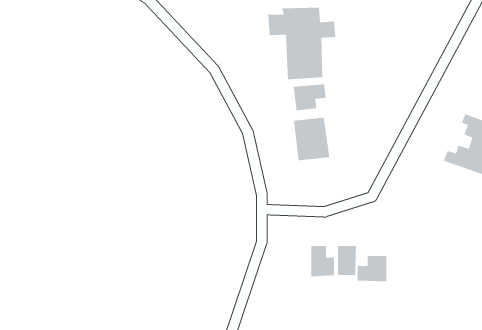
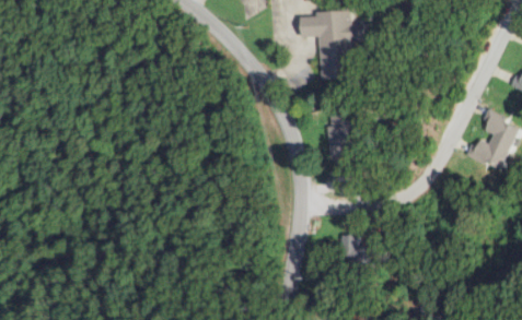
building: [293,83,326,111] -> none
building: [357,255,387,282] -> none

